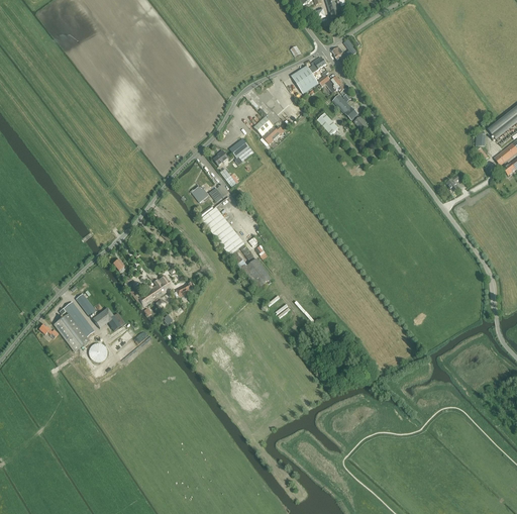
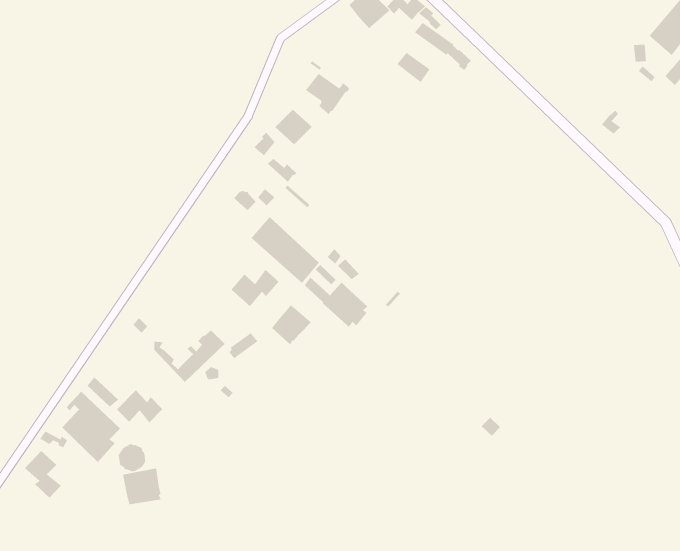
building: none -> [231,269,279,307]
building: none -> [271,304,312,345]
building: none -> [24,450,62,499]
building: none -> [122,467,162,505]

